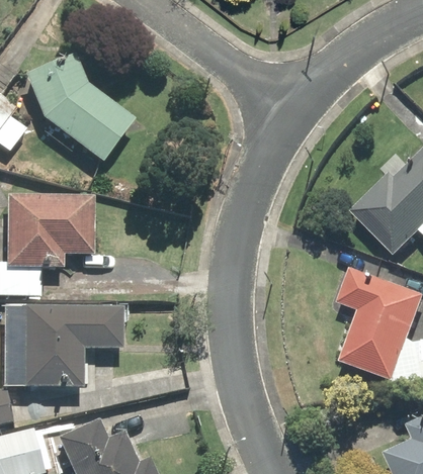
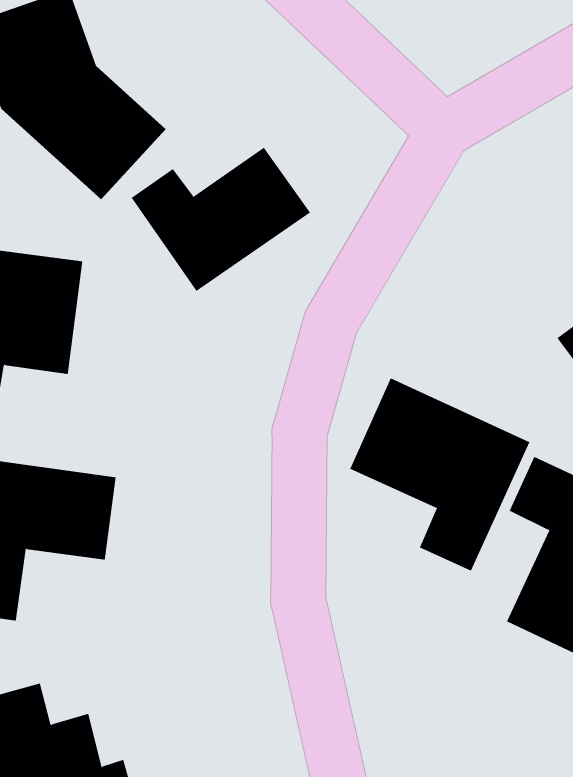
building: none -> [131,147,311,292]
building: none -> [349,377,530,572]

